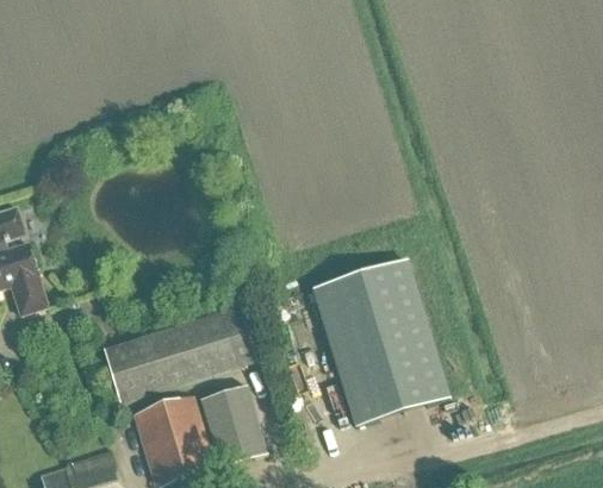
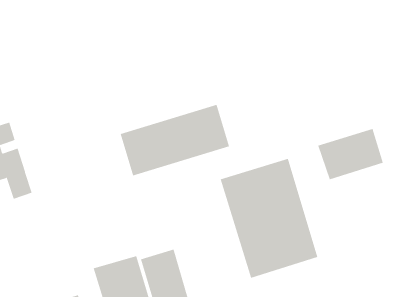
building: none -> [317,128,383,180]
building: [101,302,256,403] -> [120,104,230,176]

